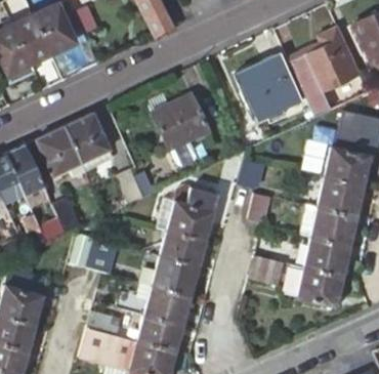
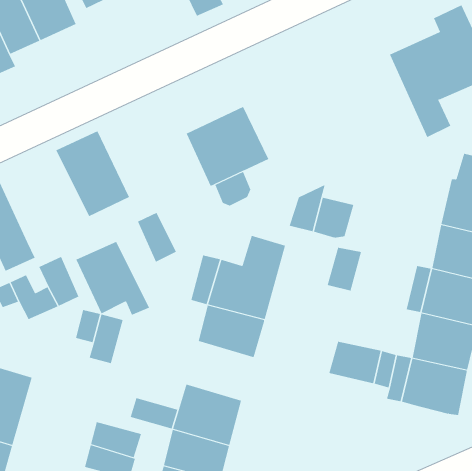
building: [236,55,302,123] -> none
building: [37,127,87,177] -> [75,241,150,316]
building: [153,256,199,296] -> none

